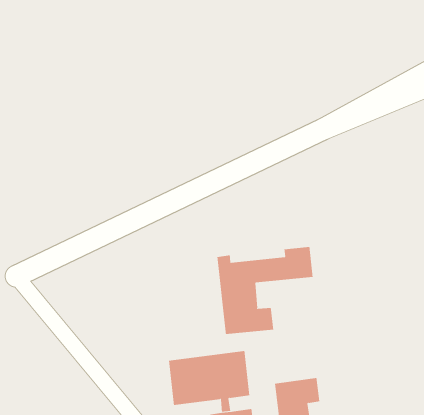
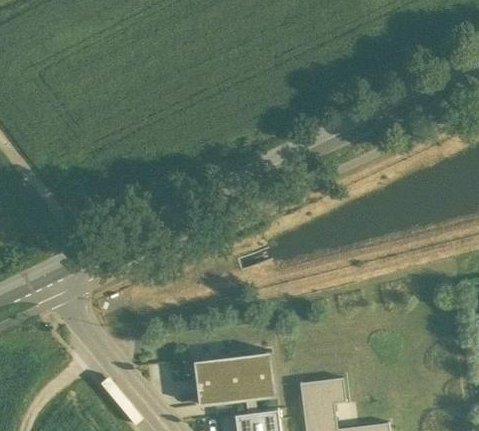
building: [217,246,313,335] -> none

